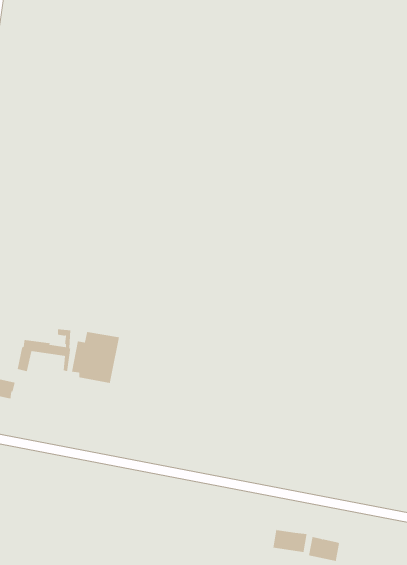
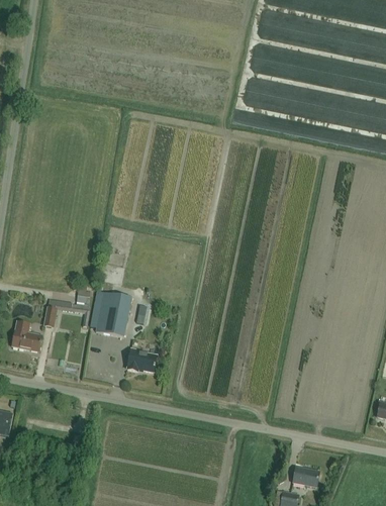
building: none -> [127,349,157,371]
building: [273,528,307,553] -> none

